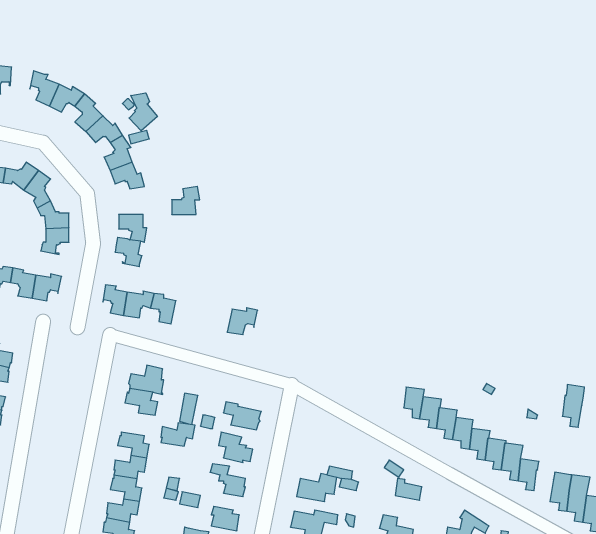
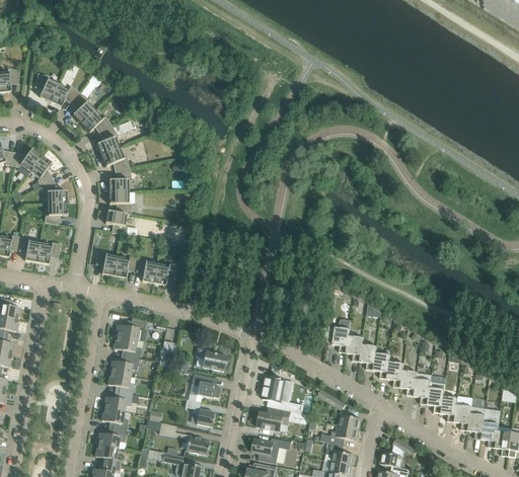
building: [129,93,157,131] -> none
building: [172,186,200,214] -> [108,168,132,191]
building: [227,308,258,335] -> [152,262,177,285]
building: none -> [331,319,351,352]
building: [562,385,584,427] -> [454,395,472,430]
building: [161,423,195,446] -> [110,356,139,376]
building: none -> [263,376,285,402]
building: none -> [320,425,359,444]

